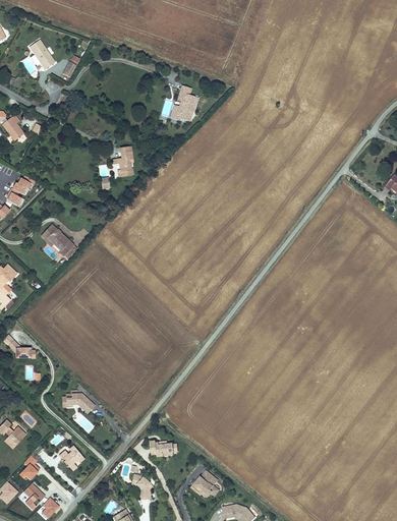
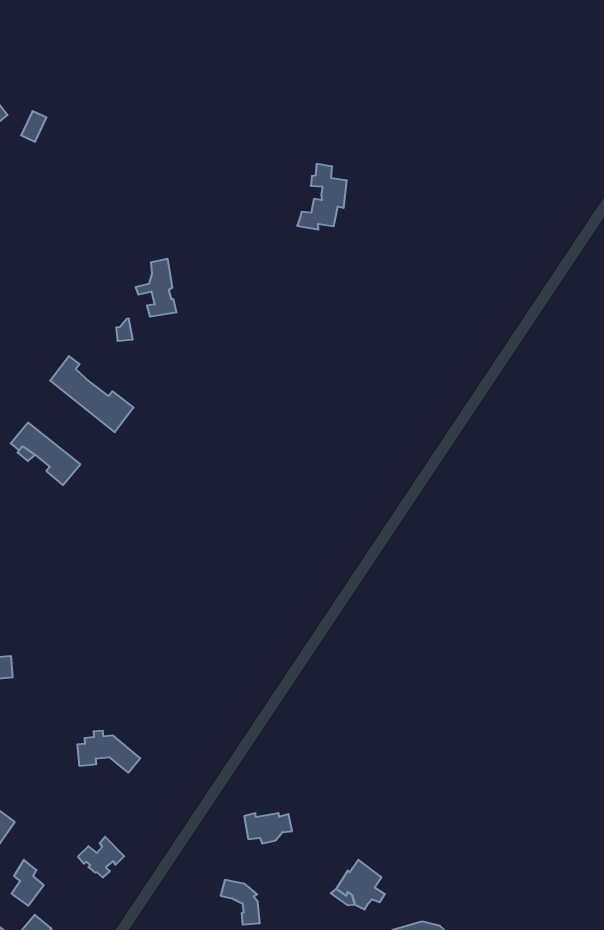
building: [171,84,200,119] -> [297,164,347,229]
building: none -> [50,356,134,432]

